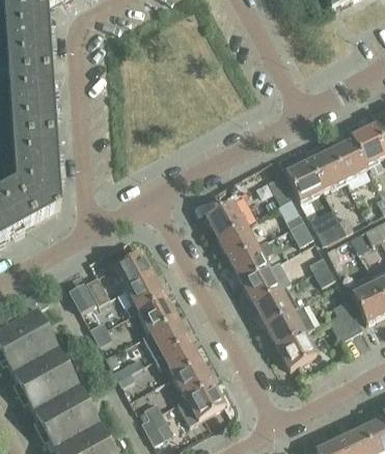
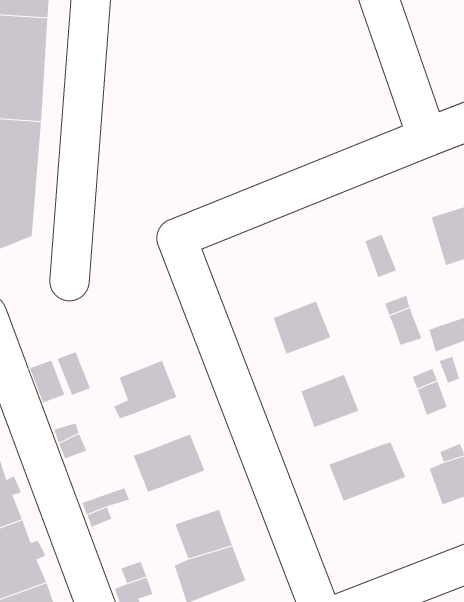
building: [284,159,321,199] -> none
building: [204,193,254,236] -> none
building: [228,238,272,279] -> none
building: [108,250,152,287] -> none
building: [252,284,297,323] -> none
building: [138,294,175,330] -> none
building: [277,330,315,367] -> none
building: [162,338,200,374] -> none

